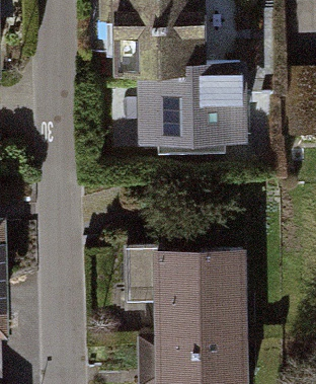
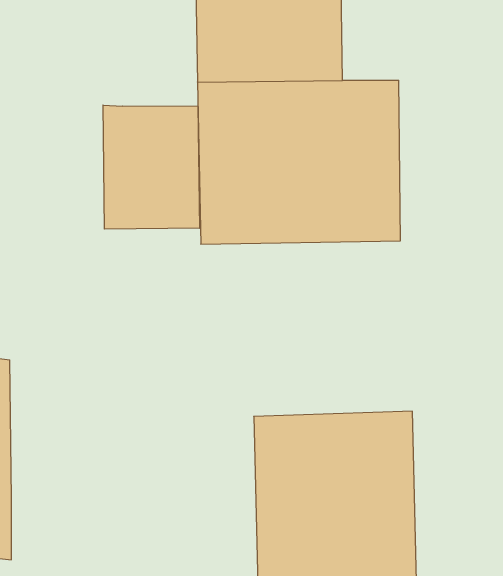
building: none -> [103,105,199,229]

